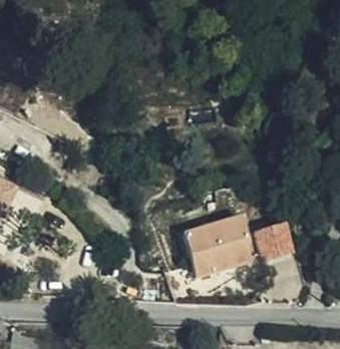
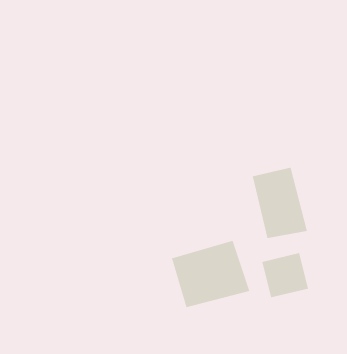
building: none -> [252,167,307,239]

